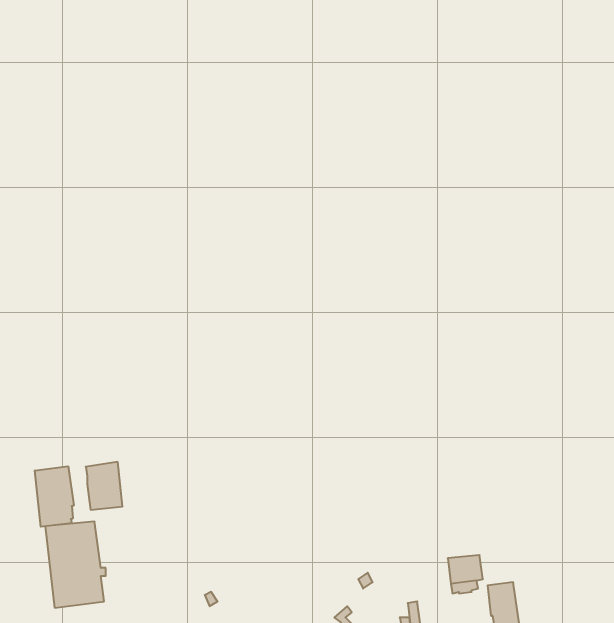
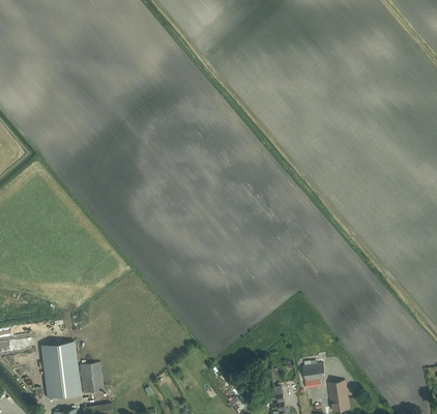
building: [86,462,122,510] -> [80,362,104,393]
building: [35,466,74,527] -> none

